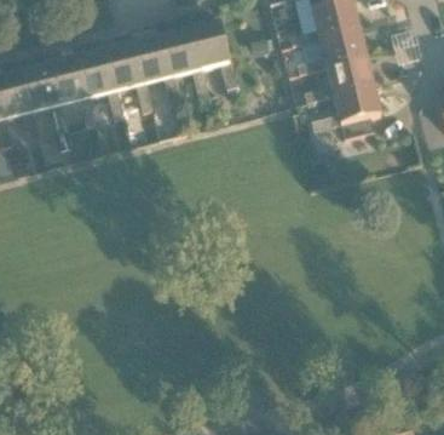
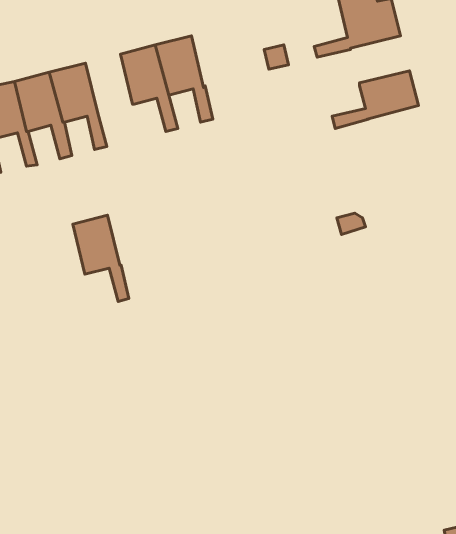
building: [195,27,240,96] -> none
building: [300,34,369,80] -> none
building: [110,48,155,118] -> [73,215,129,301]
building: [315,90,384,144] -> none

